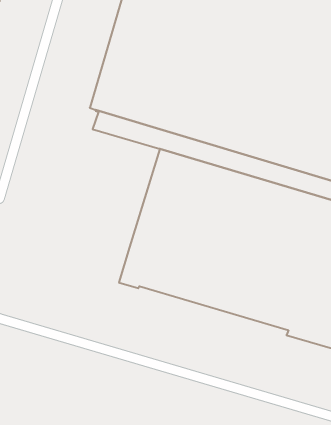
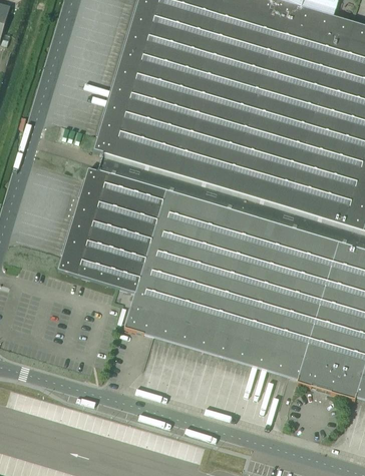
building: none -> [59,168,166,293]

